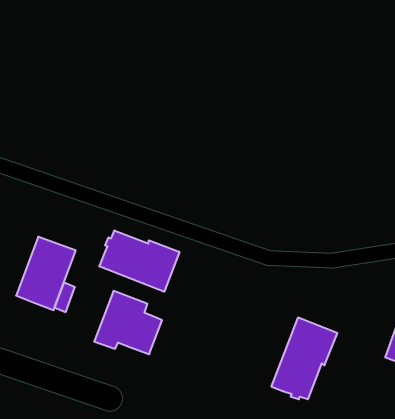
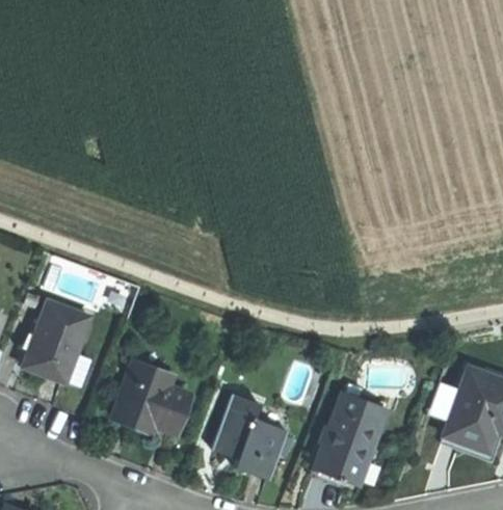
building: [99,230,179,292] -> none
building: none -> [211,394,287,479]

